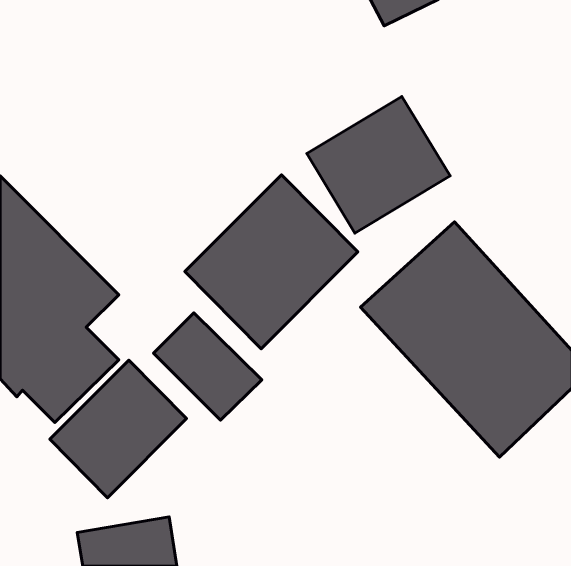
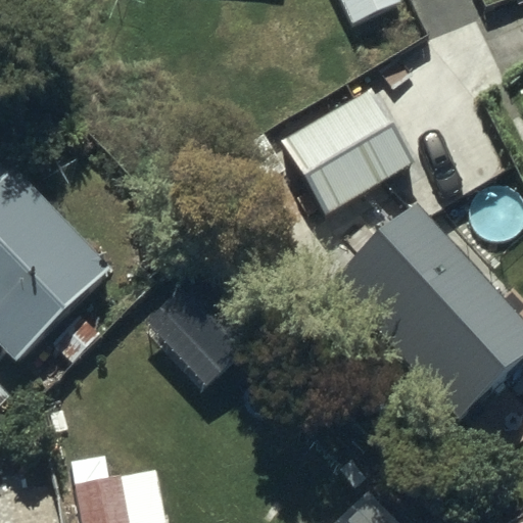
building: [185,175,358,349] -> none
building: [50,360,187,498] -> none

